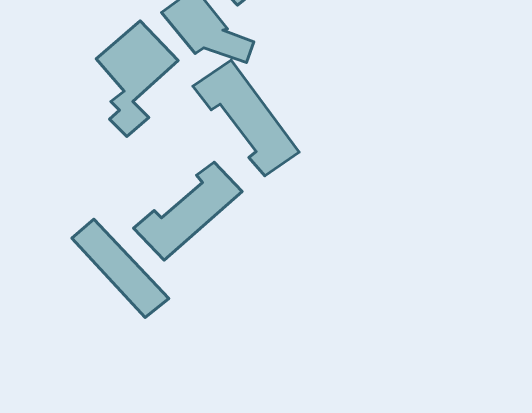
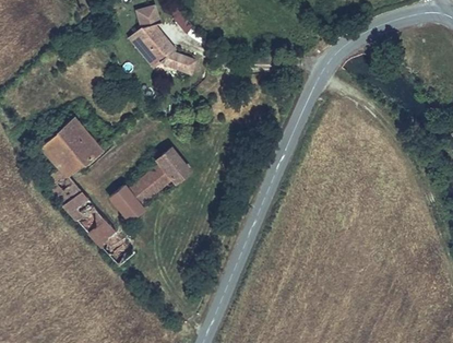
building: [96,21,178,137] -> [39,118,100,204]
building: [193,60,299,176] -> none

